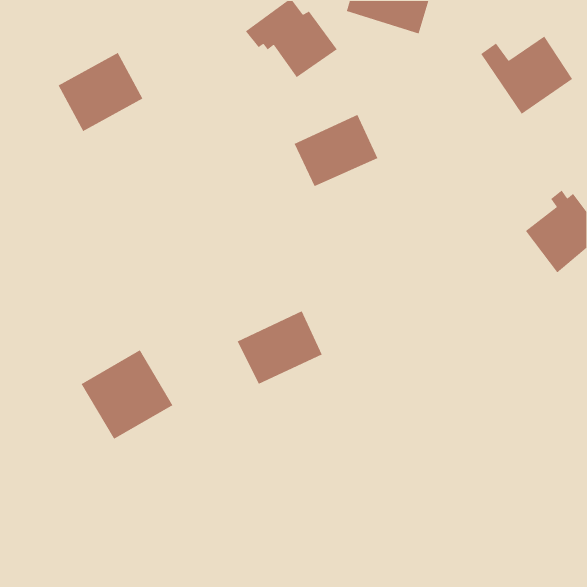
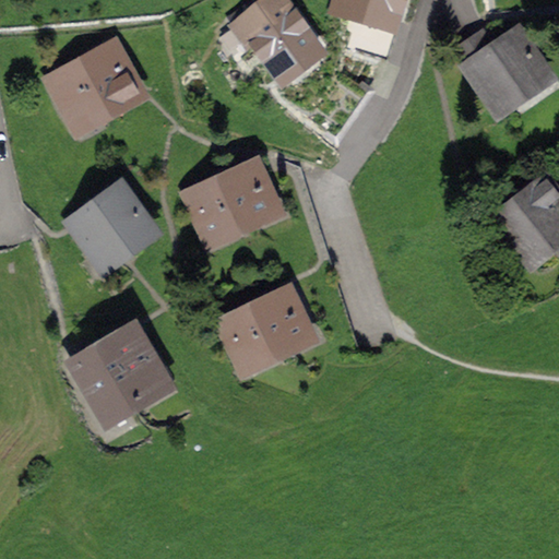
building: [293,114,378,187] -> [192,168,273,238]
building: none -> [72,190,150,273]

